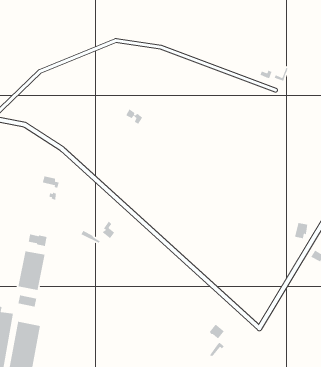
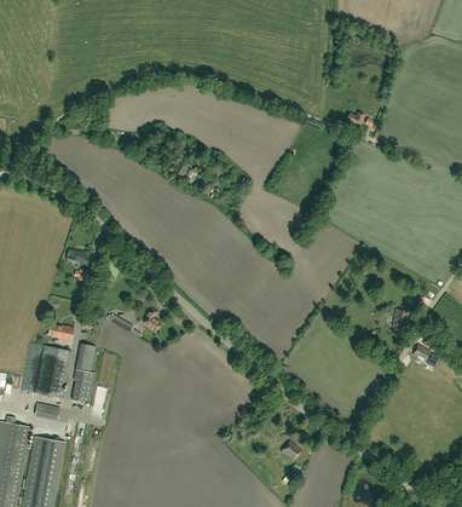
building: none -> [70,344,94,403]

